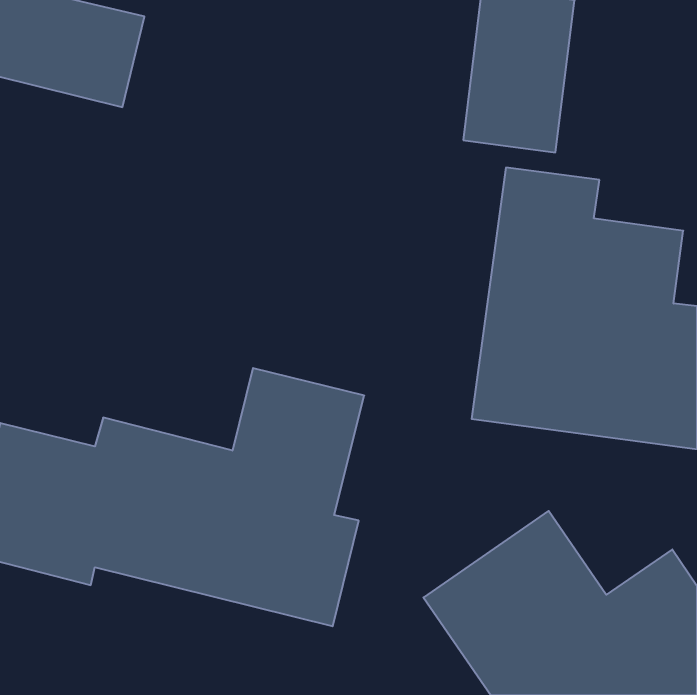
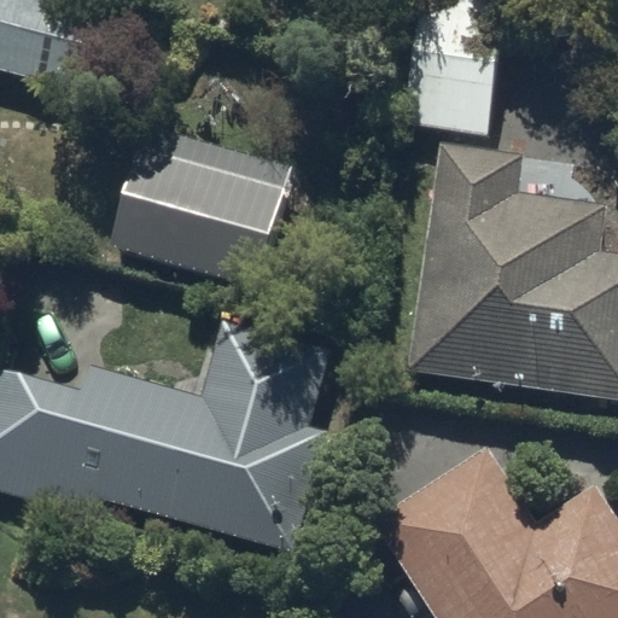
building: none -> [110,126,291,288]

